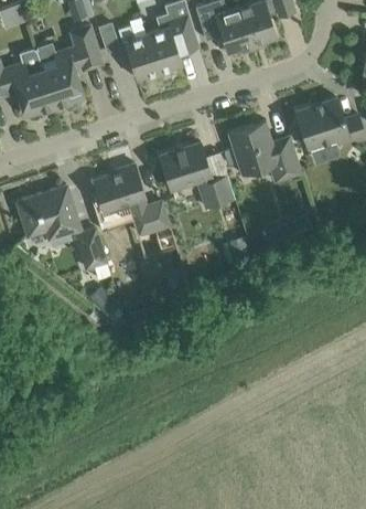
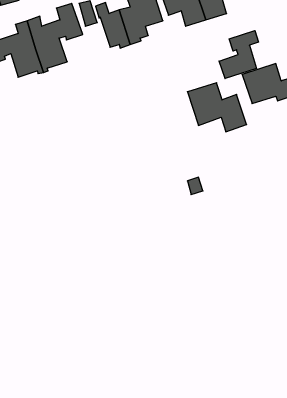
building: none -> [219,31,258,79]
building: [160,144,235,209] -> none
building: [93,165,170,236] -> none
building: [17,187,106,269] -> none

